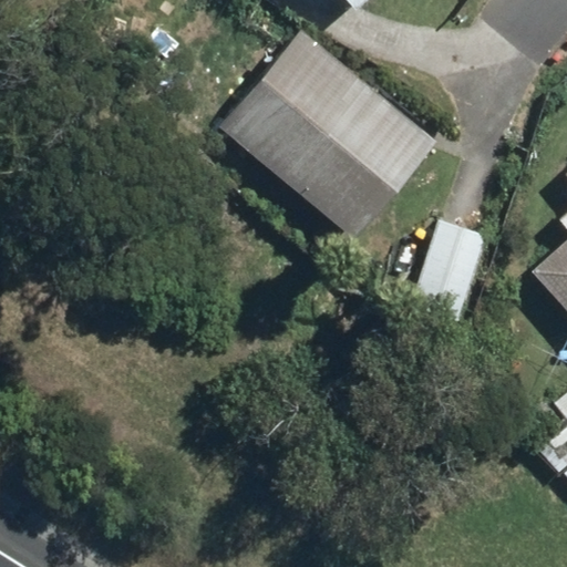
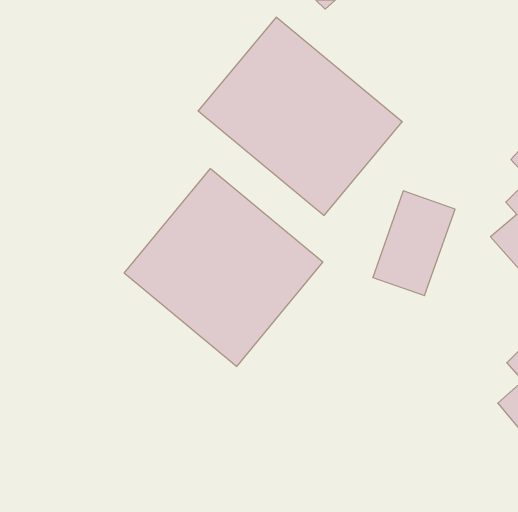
building: none -> [124,169,323,367]

